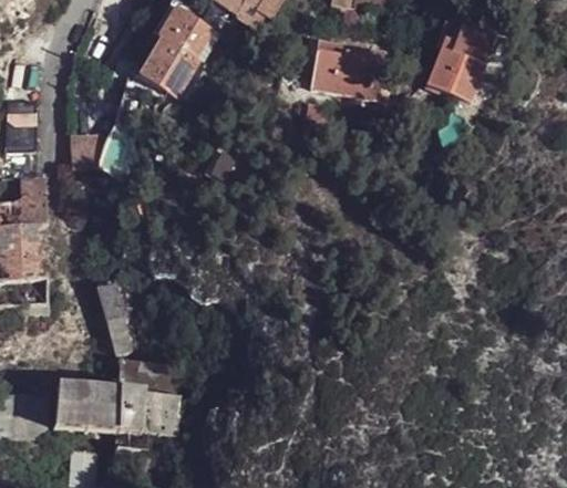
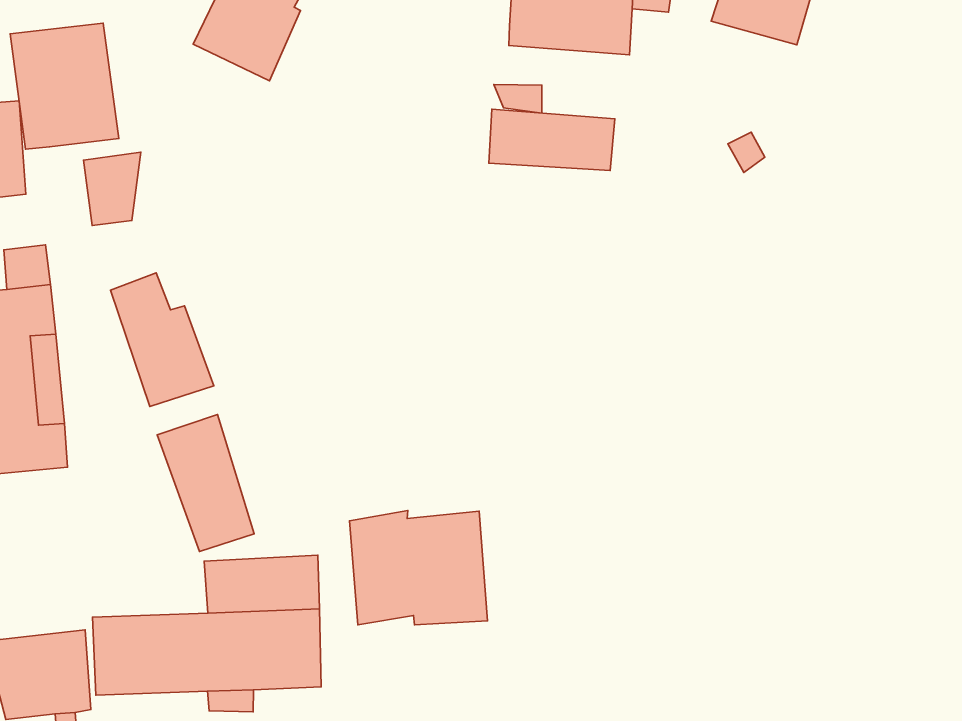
building: none -> [10,23,119,149]
building: none -> [489,109,615,170]
building: none -> [111,273,214,406]
building: none -> [350,510,487,625]

